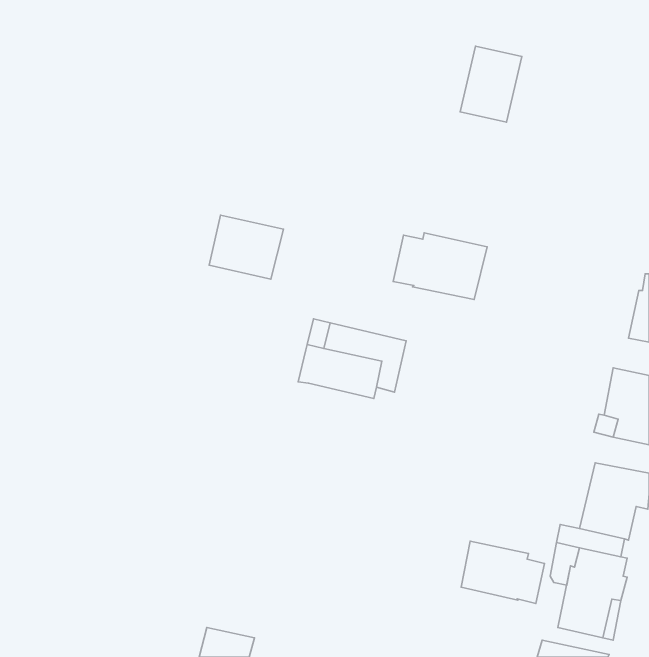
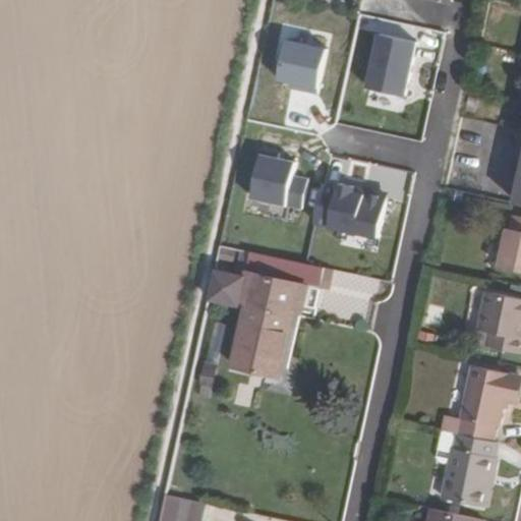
building: none -> [278,41,330,95]
building: [209,215,284,279] -> [250,159,309,210]
building: none -> [206,271,242,305]
building: none -> [231,303,296,385]
building: [461,541,545,603] -> none

